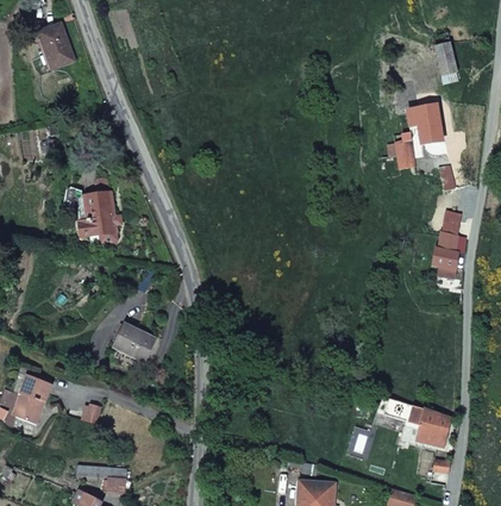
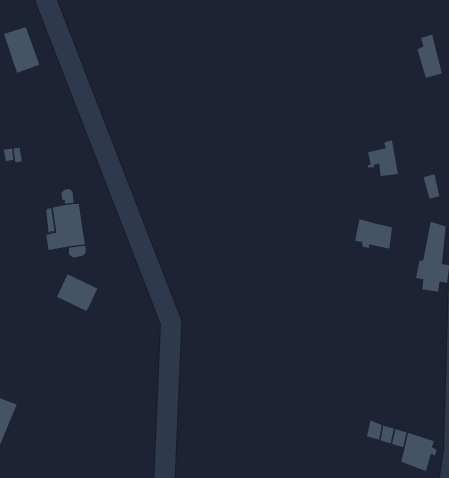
building: [406,105,440,145] -> none
building: none -> [354,218,393,250]
building: [114,324,155,361] -> [56,273,99,312]

